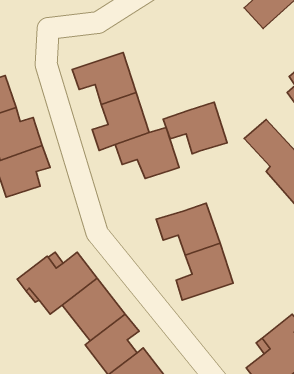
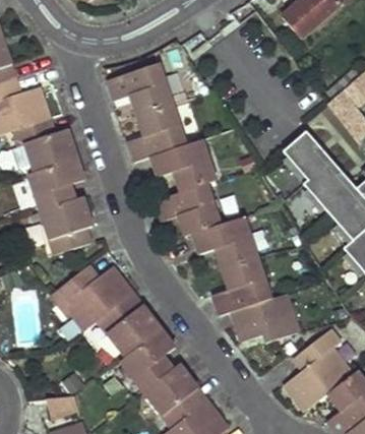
building: [163,102,227,154] -> [155,183,220,236]
building: none -> [40,196,92,255]
building: none -> [231,294,298,343]

